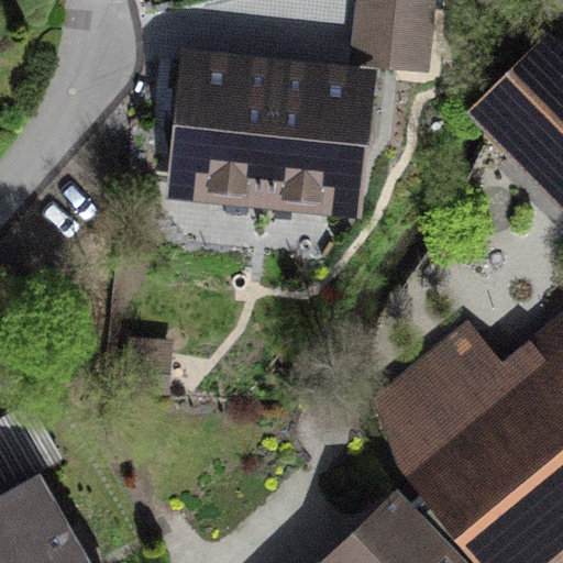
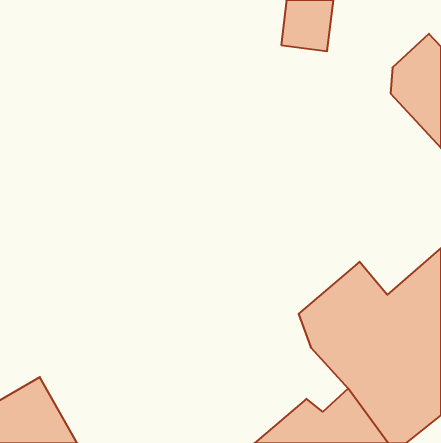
building: [176,58,367,208] -> none

